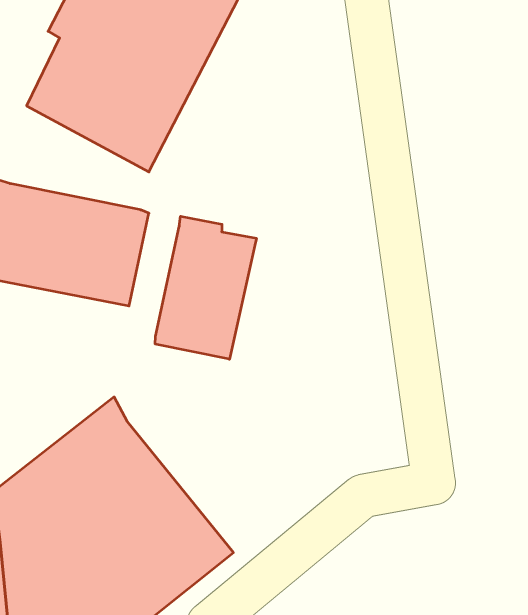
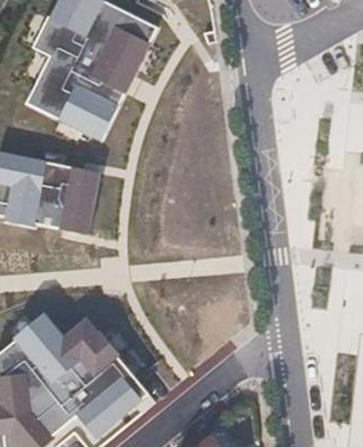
building: [155,216,256,359] -> none

